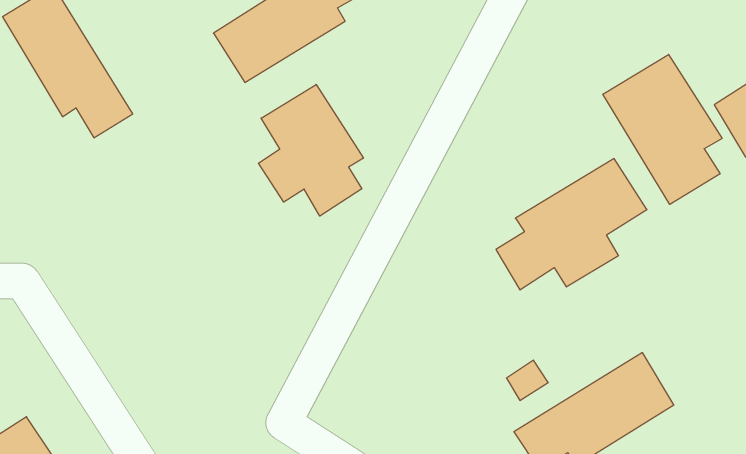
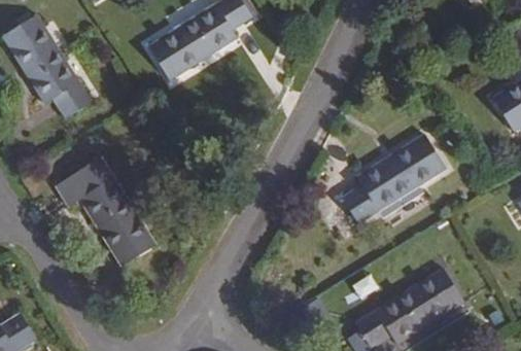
building: [603,54,722,204] -> none
building: [258,84,363,216] -> none
building: none -> [54,155,157,268]

